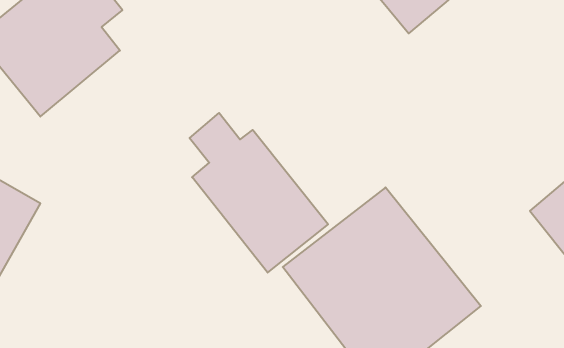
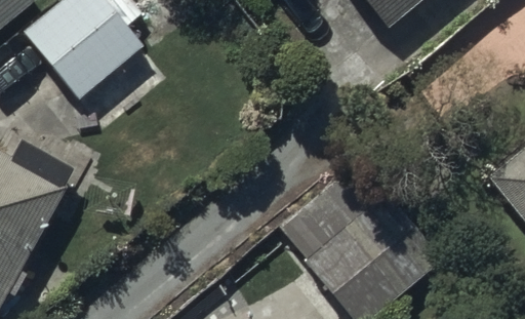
building: [190,113,328,273] -> none

